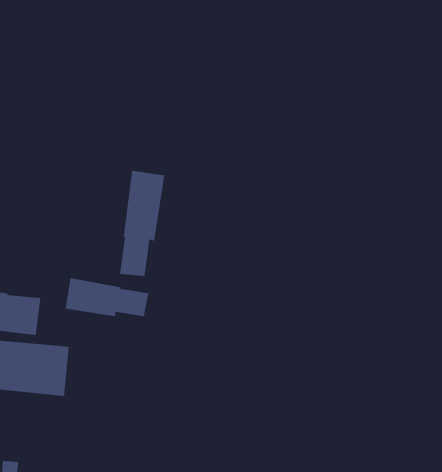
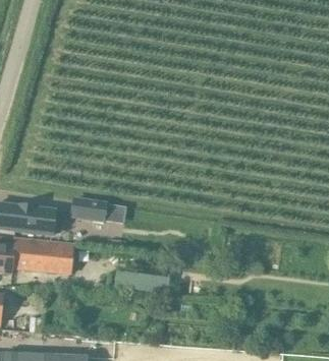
building: [120,170,165,277] -> none
building: none -> [119,269,168,293]

